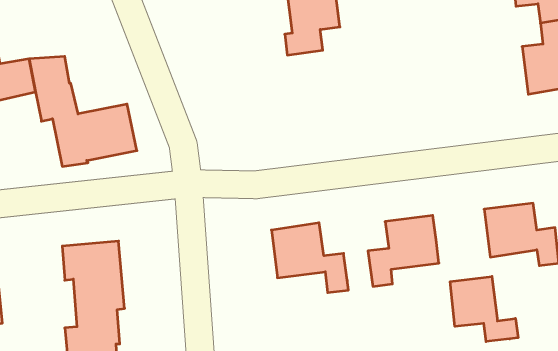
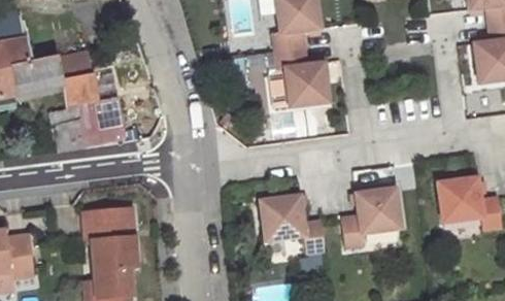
building: none -> [273,47,327,108]
building: none -> [49,105,83,149]
building: [450,276,518,342] -> none

